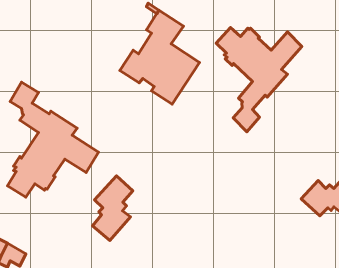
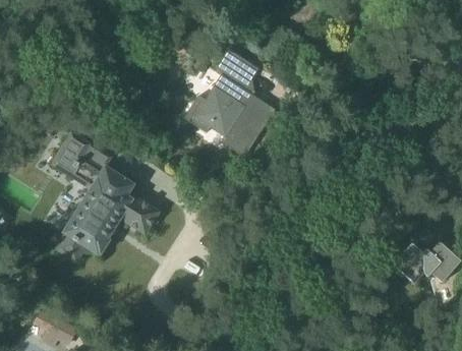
building: [216,27,302,132] -> none
building: [92,176,133,241] -> none

